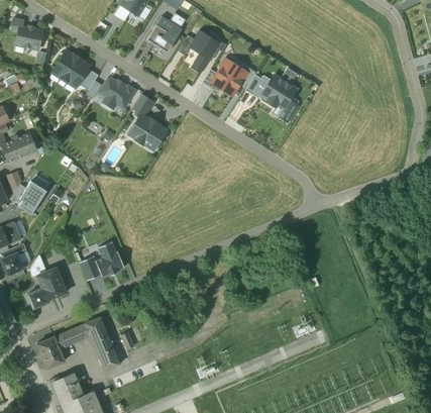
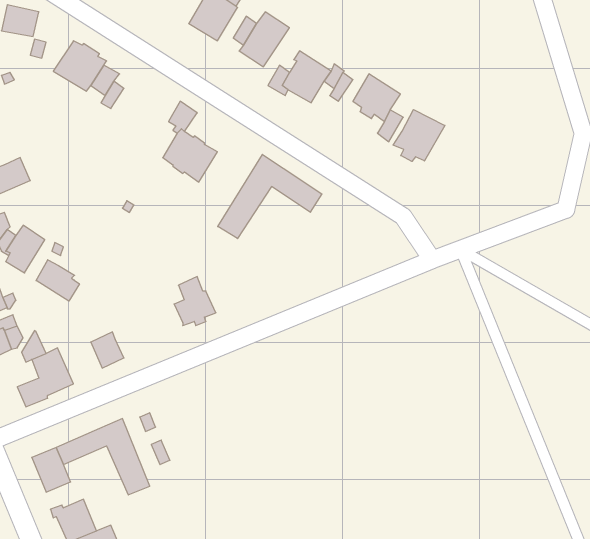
building: [100,77,135,108] -> none
building: none -> [393,110,445,161]
building: none -> [218,154,322,239]
building: none -> [36,260,79,301]
building: [96,241,125,276] -> [174,277,216,326]

